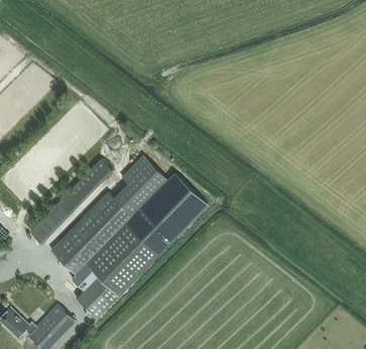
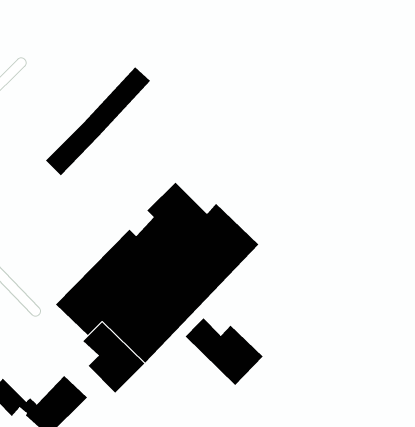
building: [29,158,111,243] -> [45,66,151,176]
building: none -> [185,317,263,386]

